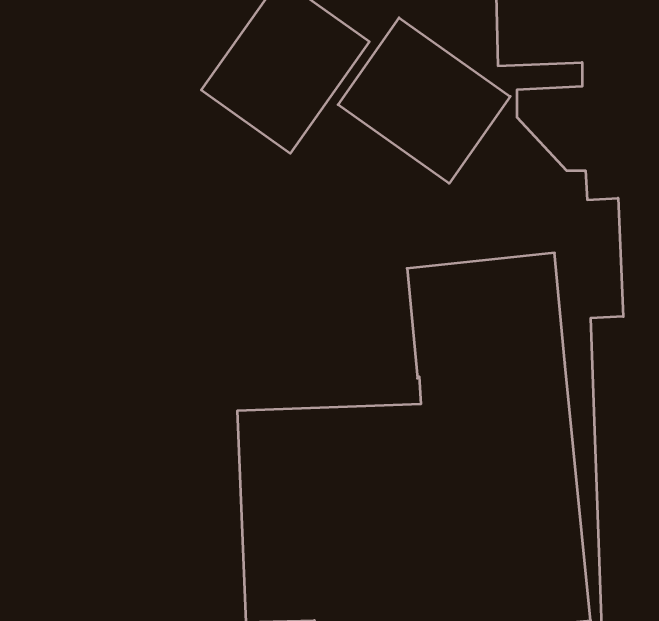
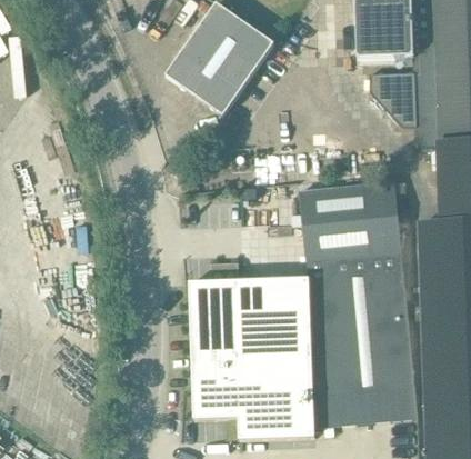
building: [338,18,510,183] -> none

